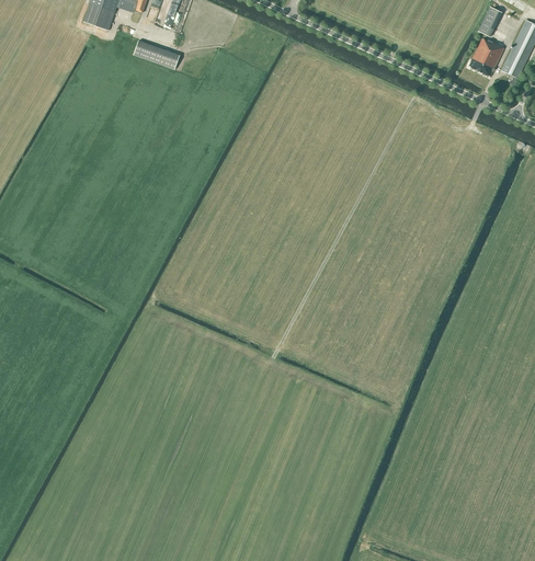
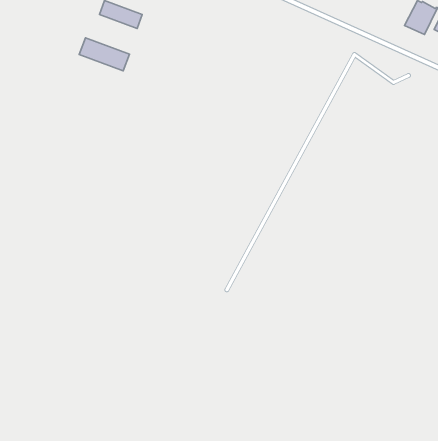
building: none -> [79,38,129,71]

